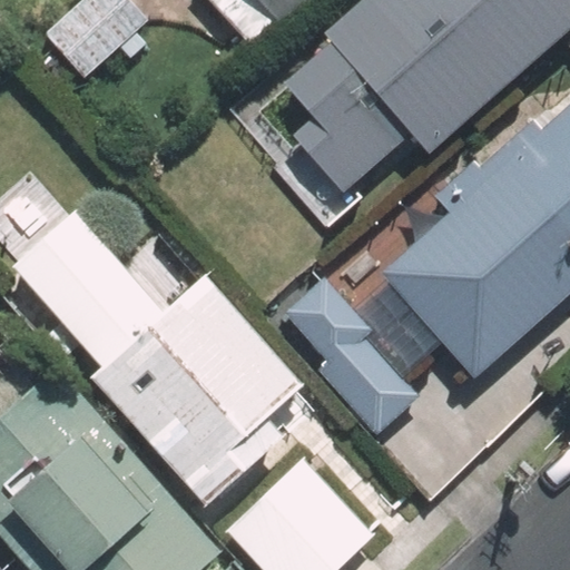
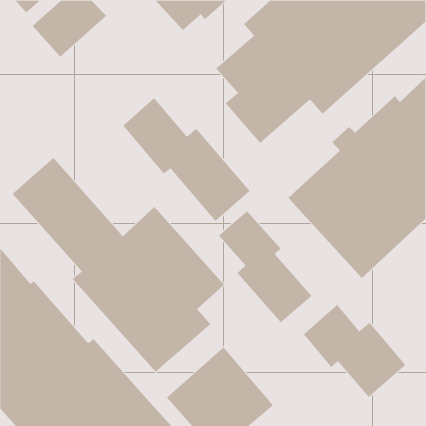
building: none -> [122,98,251,222]
building: none -> [303,304,406,398]

